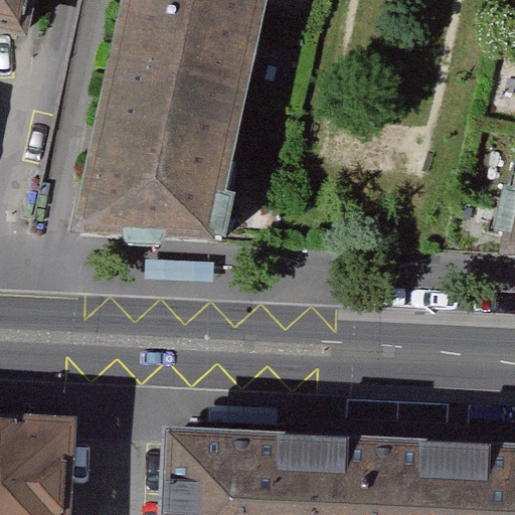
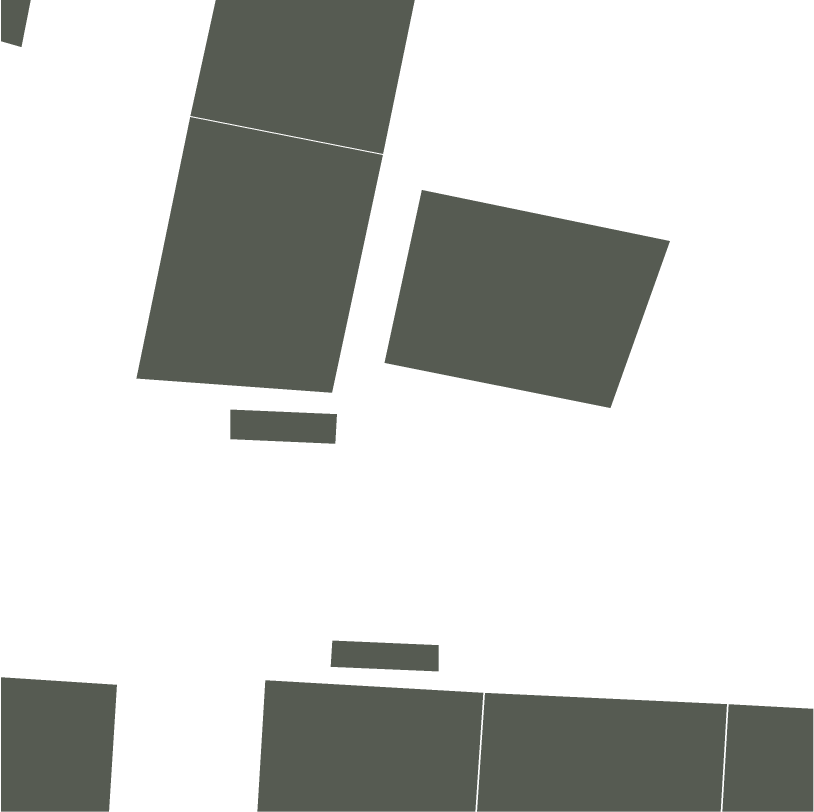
building: none -> [384,189,671,409]

